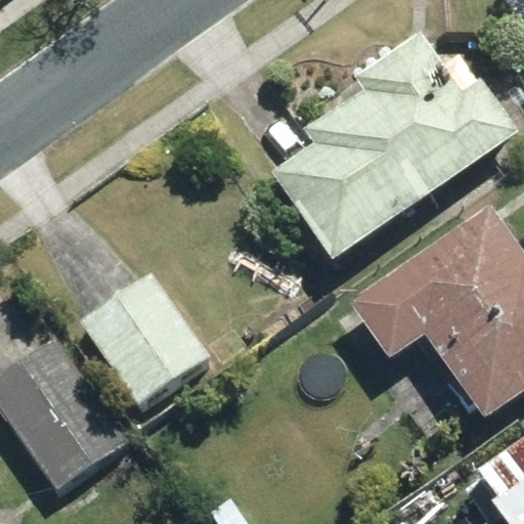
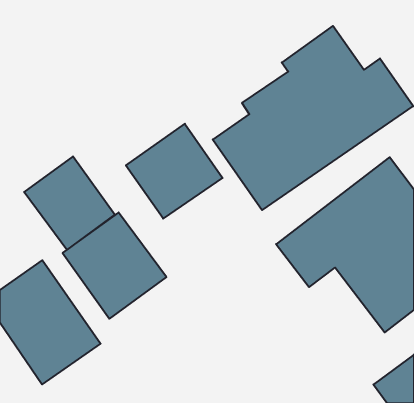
building: none -> [126,124,223,219]
building: none -> [24,156,115,250]

